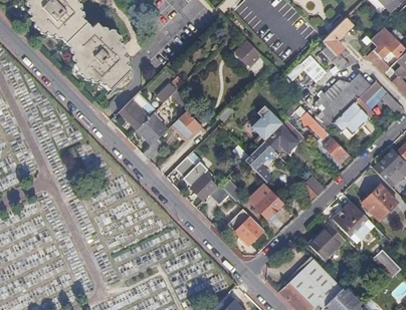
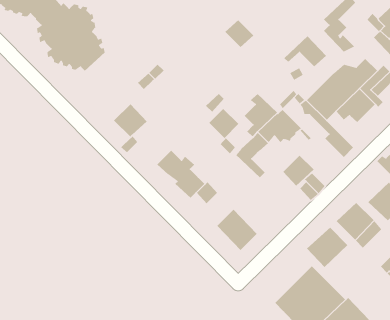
building: [119,91,157,129] -> none
building: [174,111,201,138] -> [208,108,239,139]
building: [255,190,283,218] -> [283,155,314,187]

